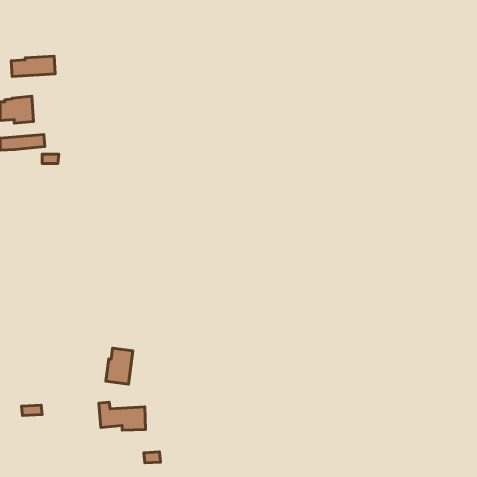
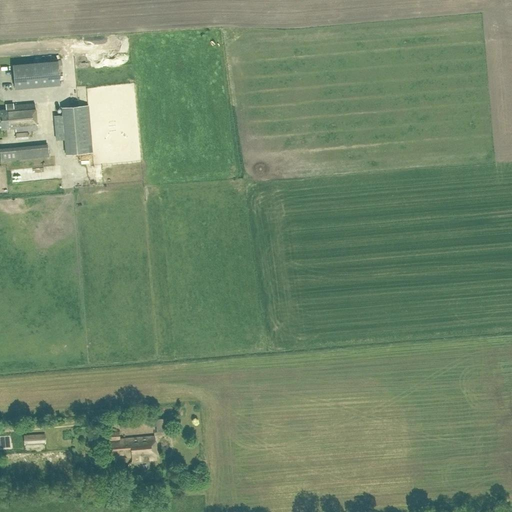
building: none -> [61,105,93,155]
building: [106,348,133,384] -> none

